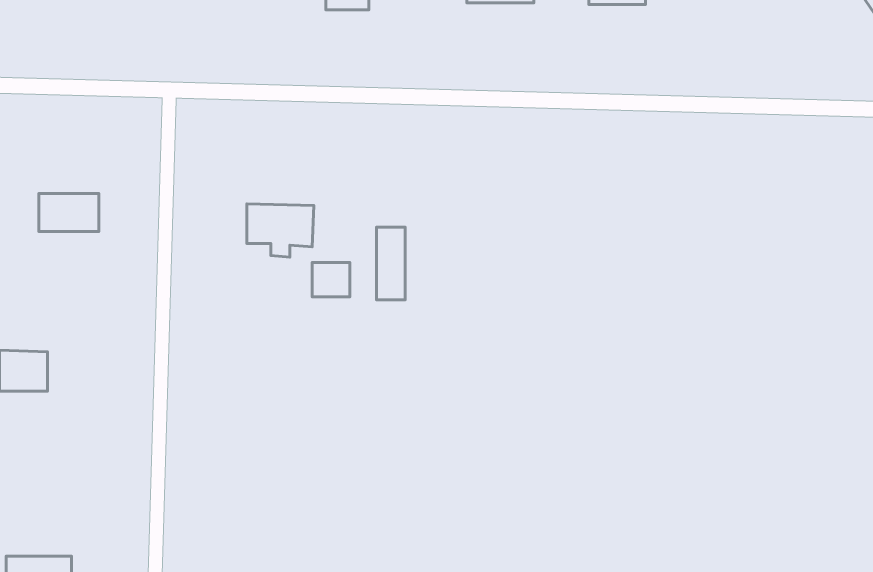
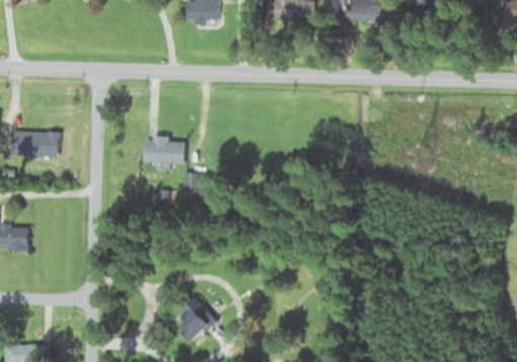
building: [376,227,405,300] -> none
building: none -> [174,302,210,341]

